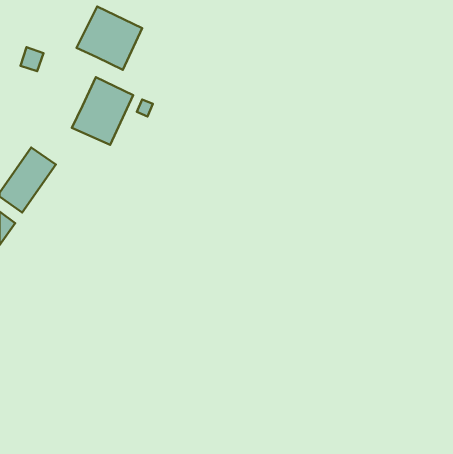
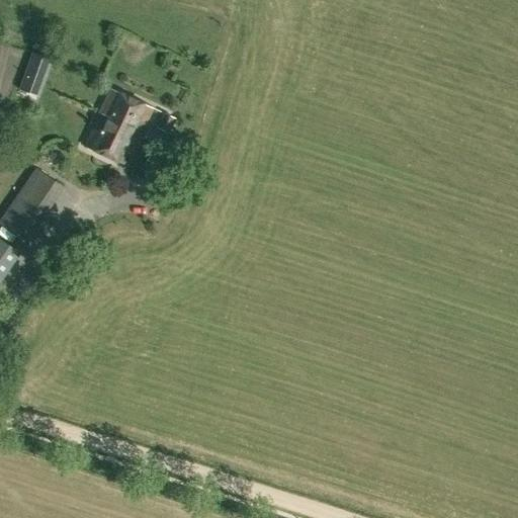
building: [76,6,142,70] -> none

